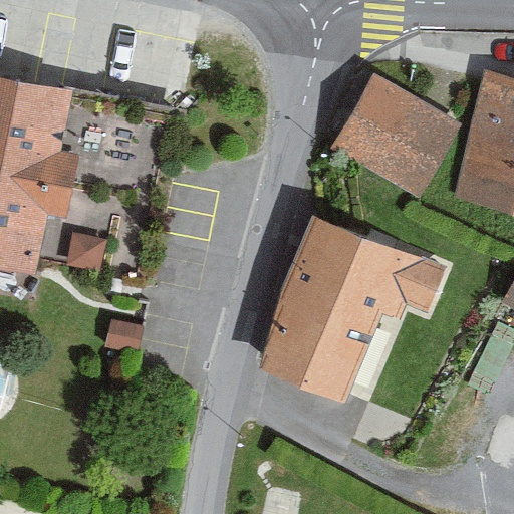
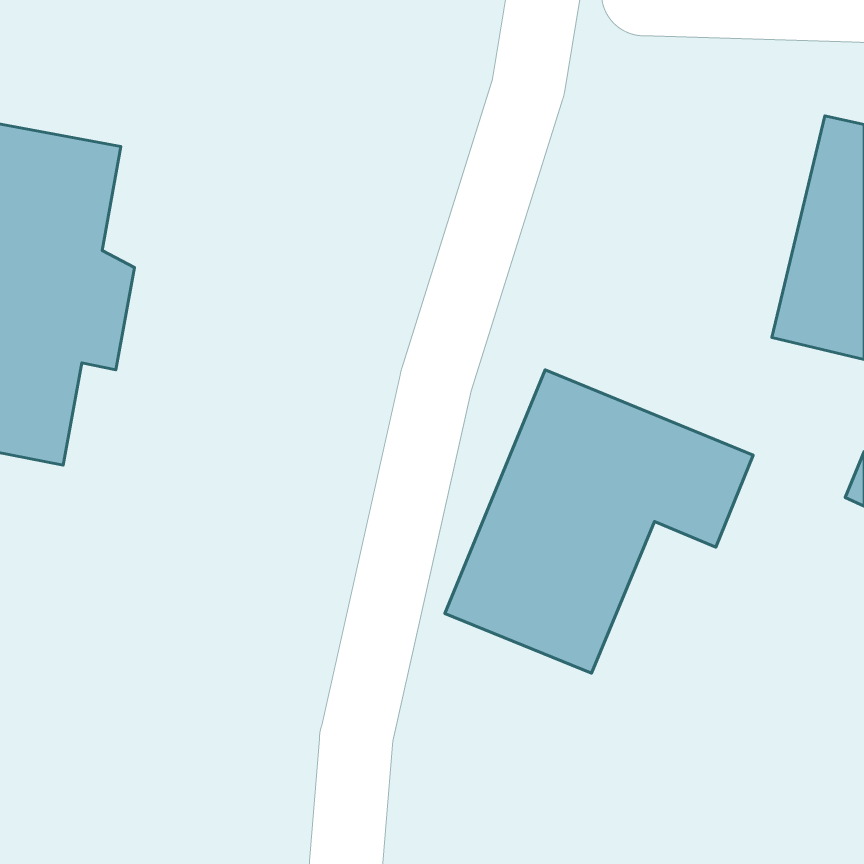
building: [334,81,452,196] -> none

